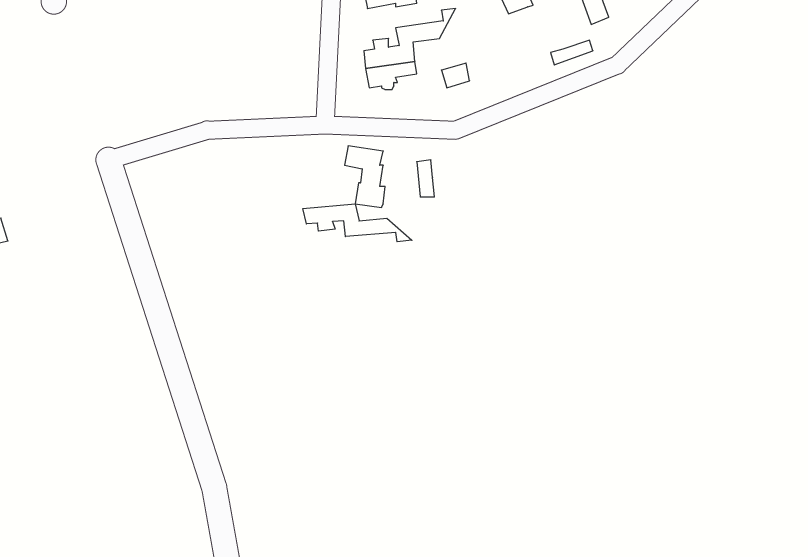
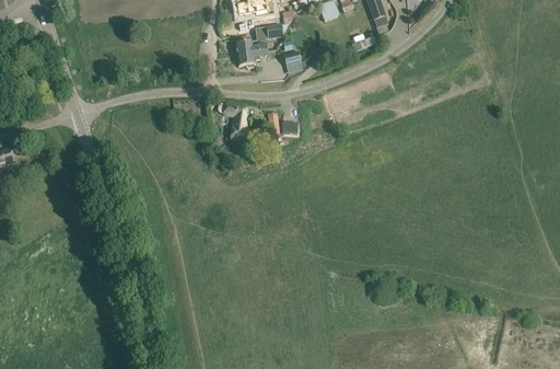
building: [303,204,412,242] -> none

